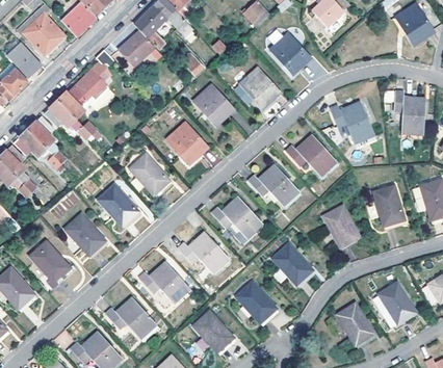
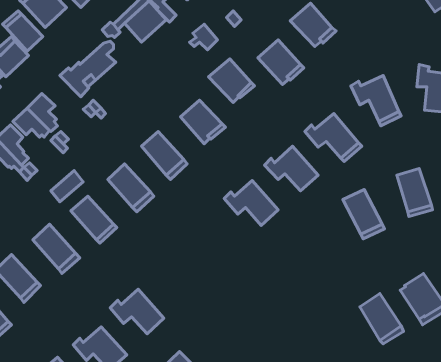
building: [45,99,82,130] -> none
building: [177,232,228,272] -> none
building: [270,243,312,285] -> none
building: [138,261,189,303] -> none
building: [235,282,276,323] -> none
building: [191,311,232,352] -> none

